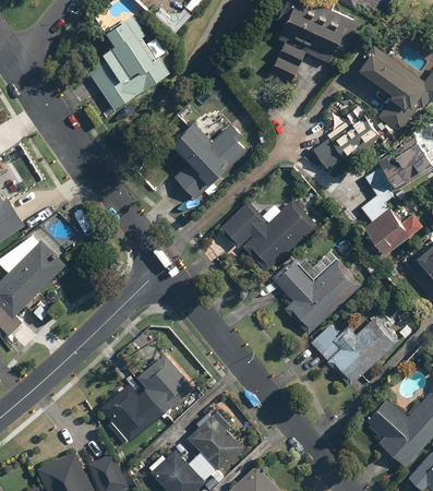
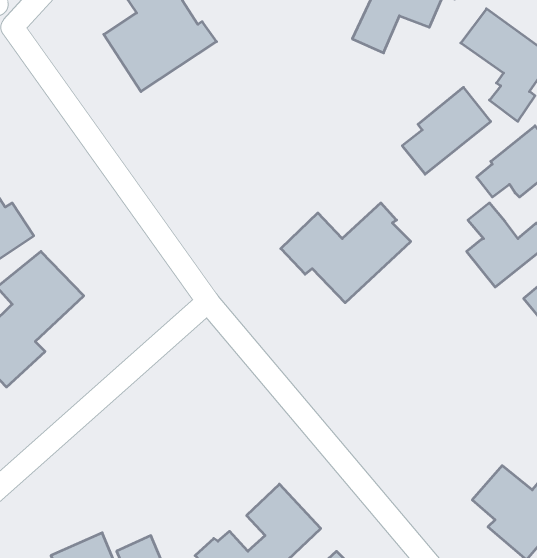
building: [167,122,250,209] -> none
building: [269,259,359,334] -> none
building: [309,315,398,386] -> none
building: [103,349,199,441] -> none

